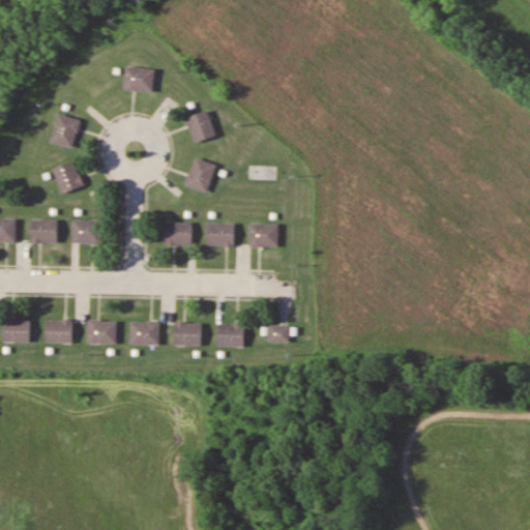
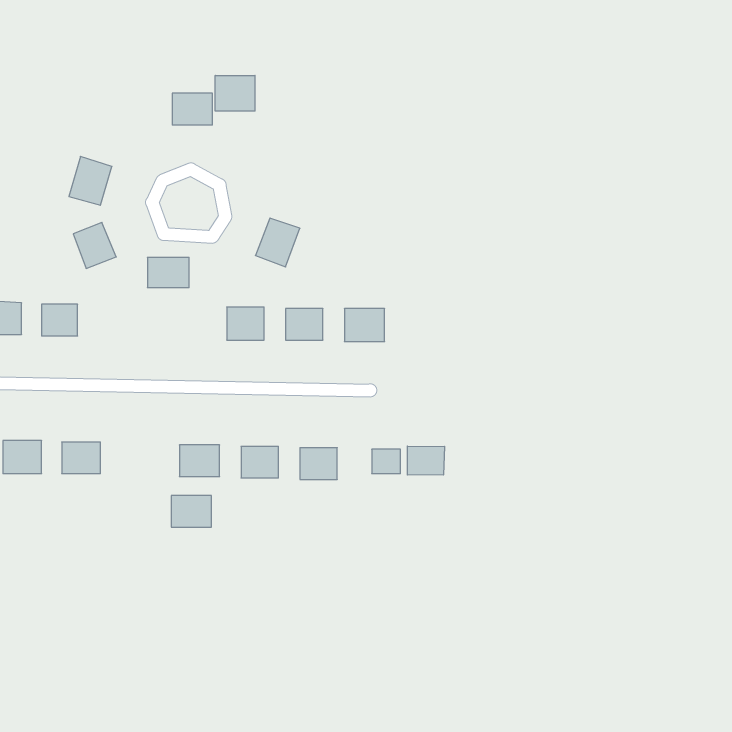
building: none -> [215,75,255,111]
building: [185,111,215,144] -> none
building: [71,222,101,243] -> [147,257,189,288]
building: [87,321,116,344] -> [171,496,211,527]
building: none -> [407,446,445,475]

